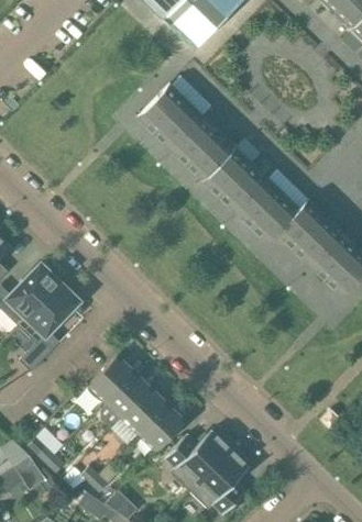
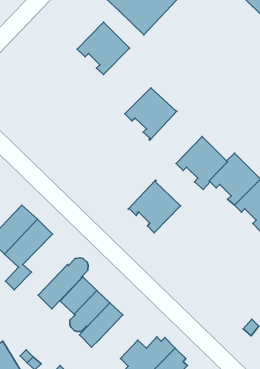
building: [138,82,204,148] -> [77,22,129,74]
building: [202,145,268,211] -> [128,181,180,233]
building: none -> [38,258,88,309]
building: [139,402,186,449] -> none

